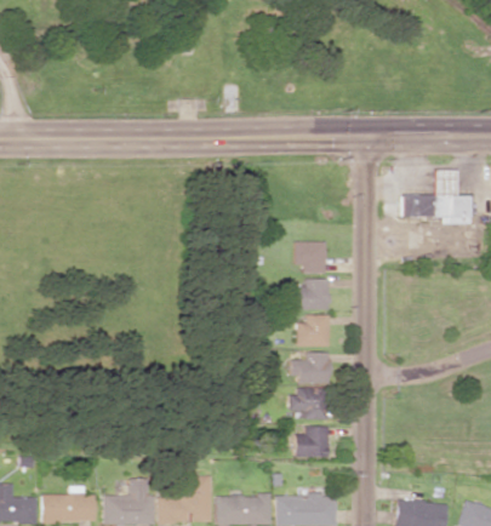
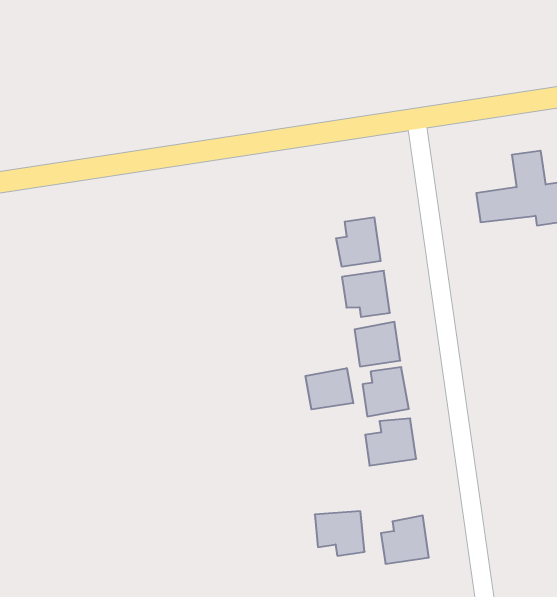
building: none -> [336,217,381,267]
building: none -> [305,368,353,409]
building: [292,387,327,419] -> [315,511,365,556]

